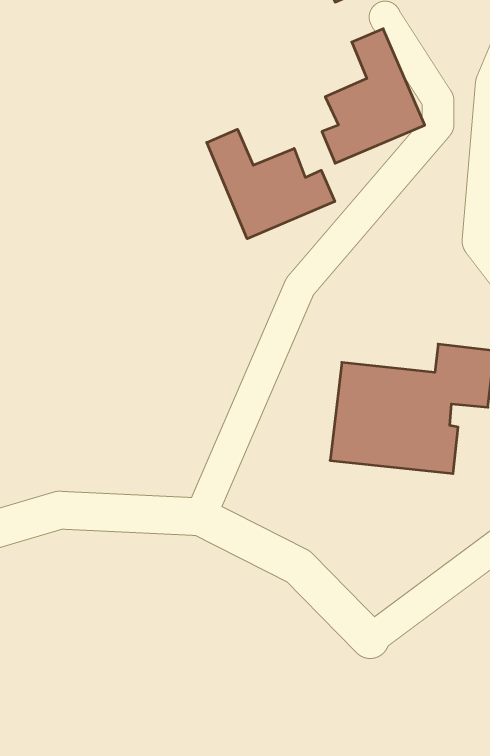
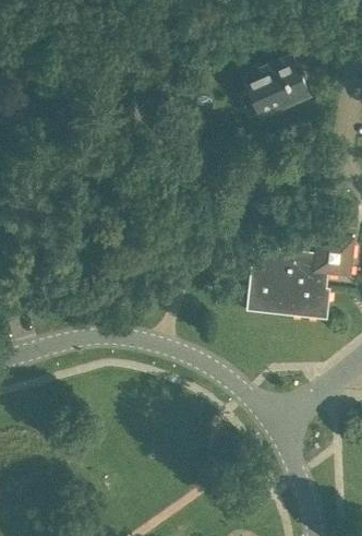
building: [207,129,335,239] -> none

